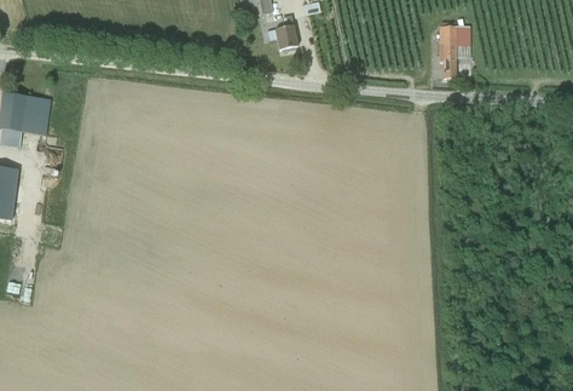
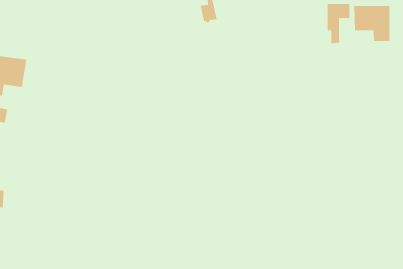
building: none -> [354,5,390,42]

